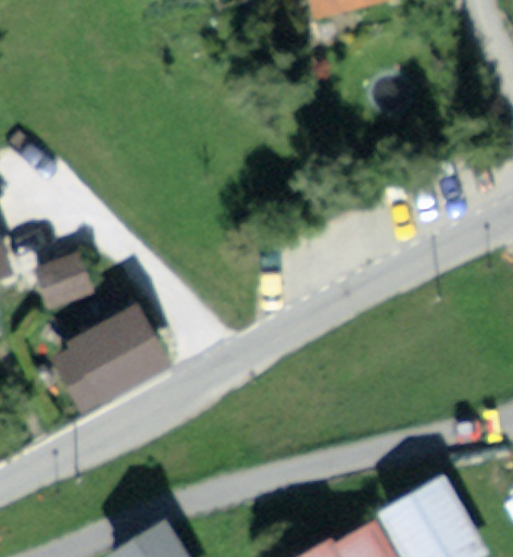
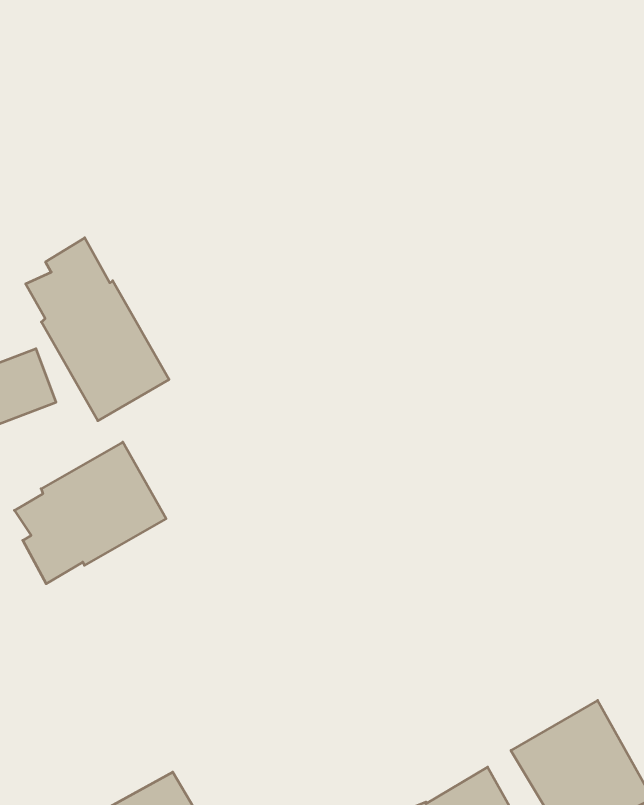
building: none -> [26,238,169,421]

